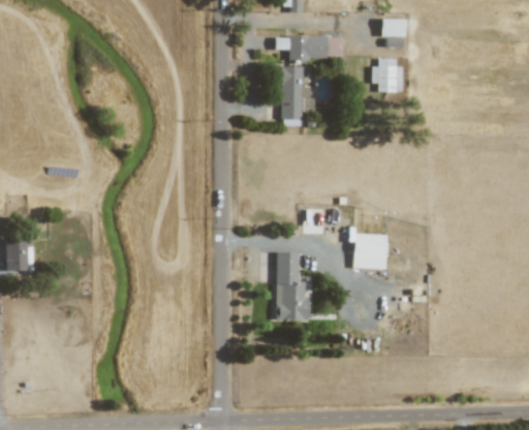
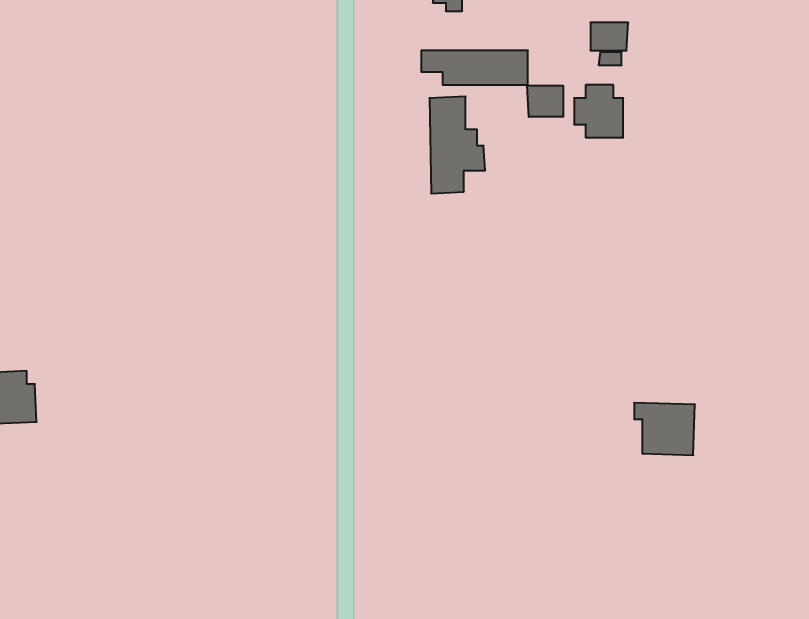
building: none -> [527,86,563,117]
building: [348,232,386,265] -> [634,403,695,455]
building: [275,251,309,319] -> none

